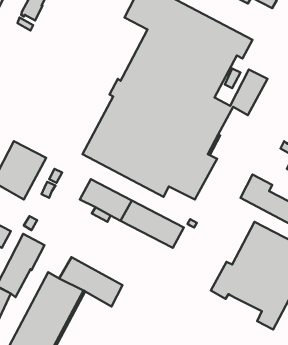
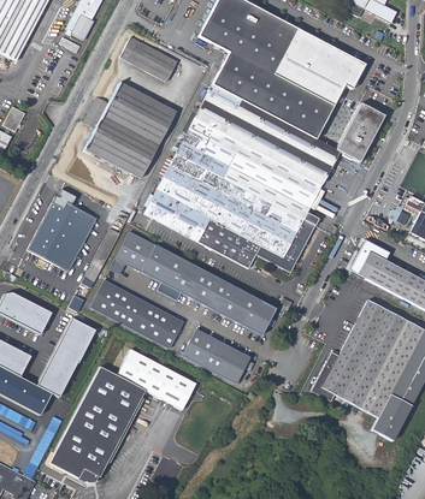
building: none -> [119,37,177,82]
building: none -> [83,82,176,178]
building: none -> [110,231,155,273]
building: none -> [89,280,183,349]
building: none -> [182,329,254,384]

